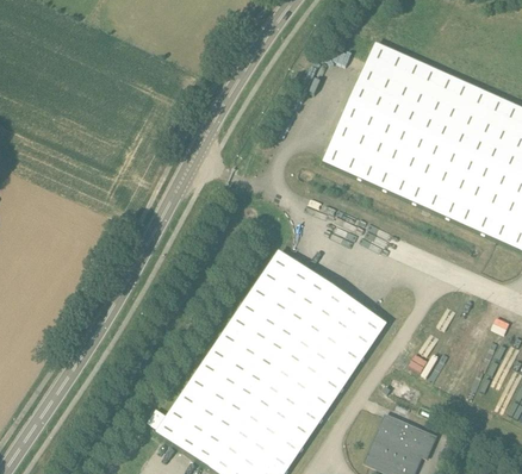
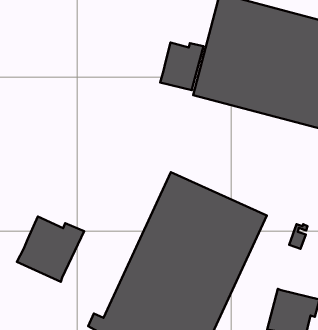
building: none -> [160,43,204,90]
building: none -> [17,217,84,282]

